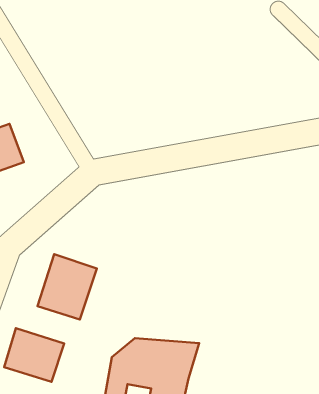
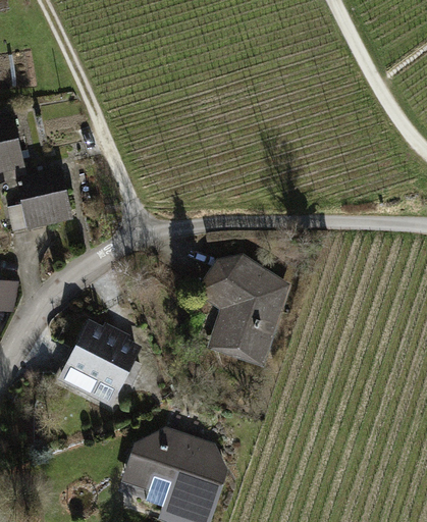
building: none -> [201,259,280,363]
building: [4,328,64,382] -> none

